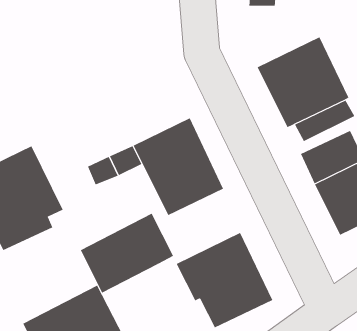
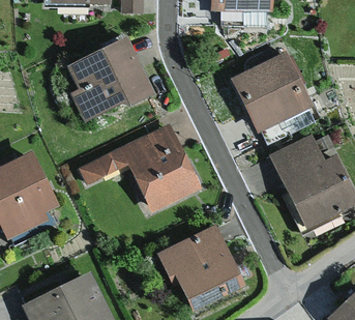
building: none -> [68,38,150,122]
building: [80,213,174,293] -> none

